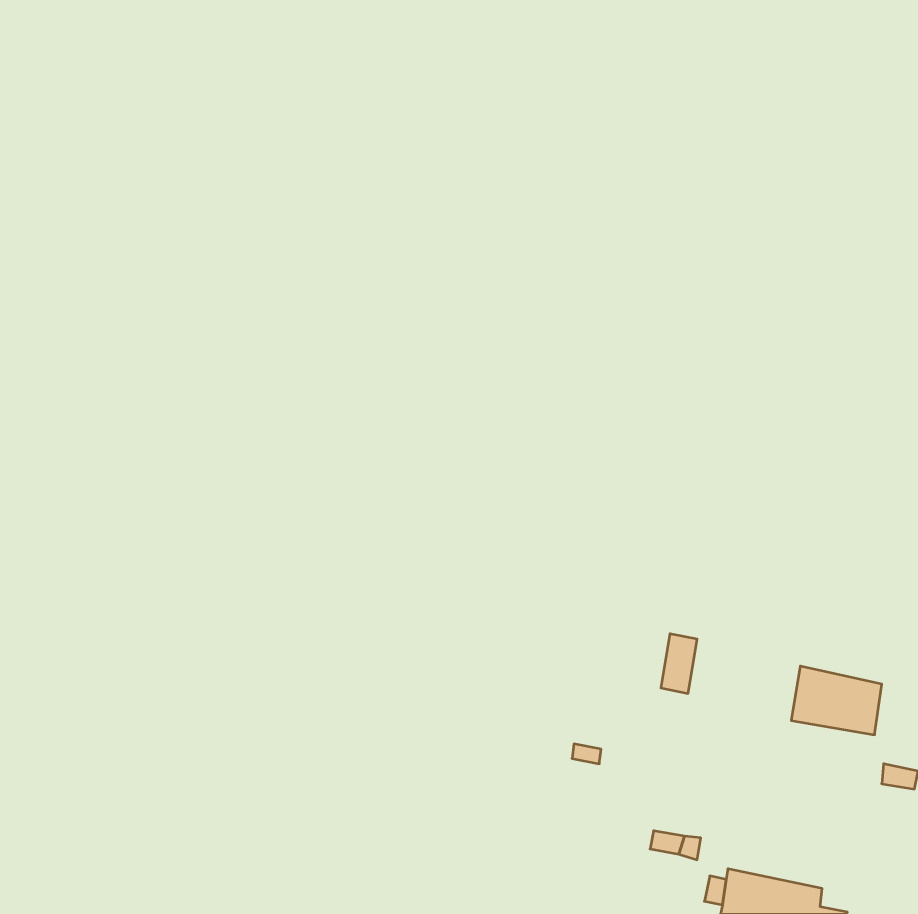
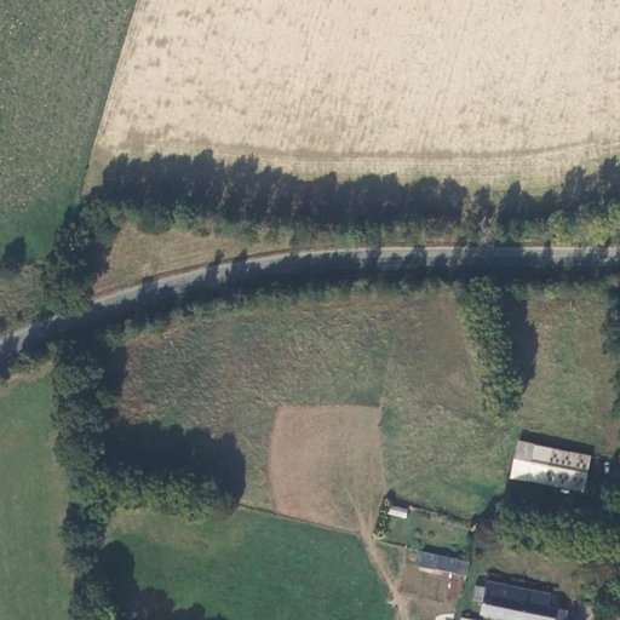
building: [661,634,697,693] -> [511,442,535,482]

